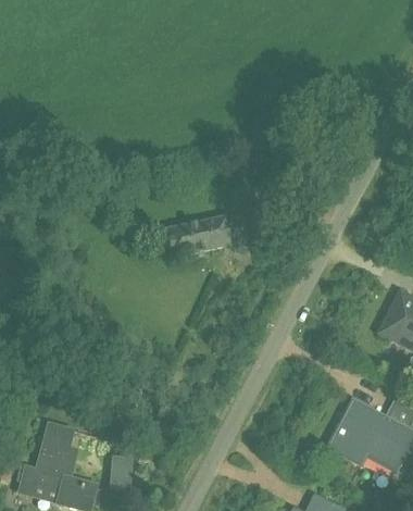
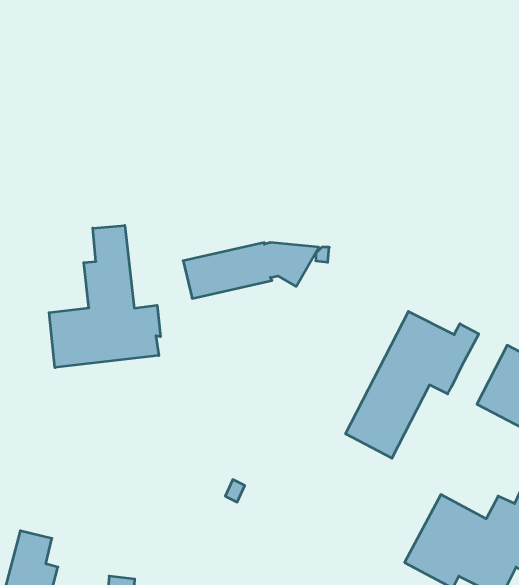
building: none -> [49,225,160,368]
building: none -> [346,311,479,458]

